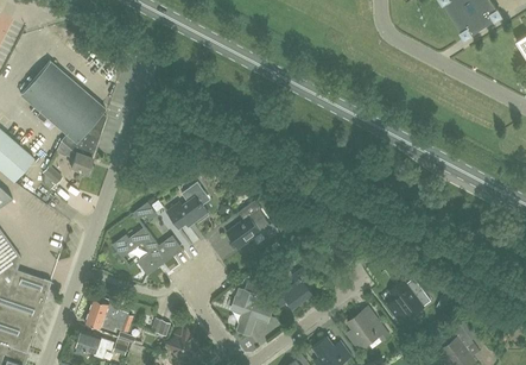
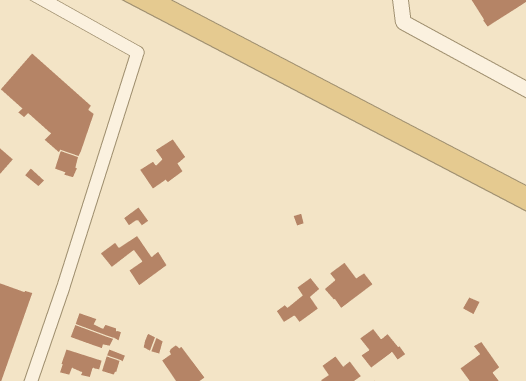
building: [166,183,209,229] -> [139,139,186,190]
building: [226,201,270,250] -> none
building: [232,281,271,335] -> none
building: [385,281,430,323] -> [324,262,373,309]

